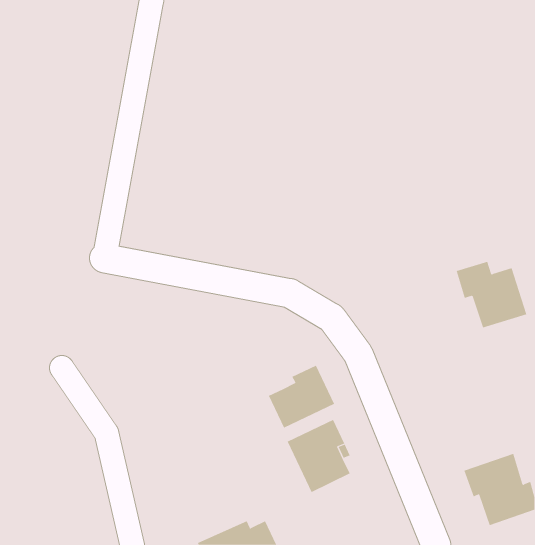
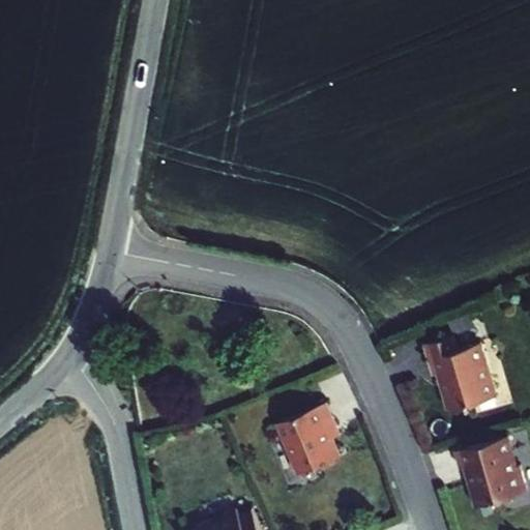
building: [456,261,527,328] -> [424,336,494,402]
building: [268,365,335,429] -> none

